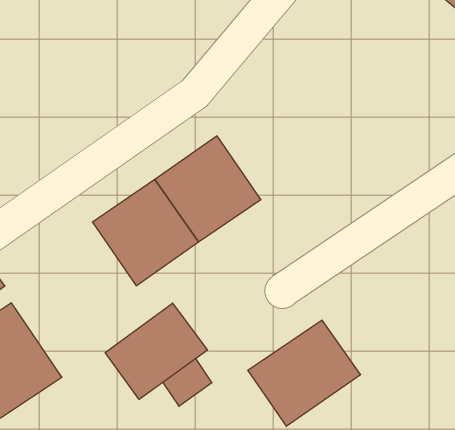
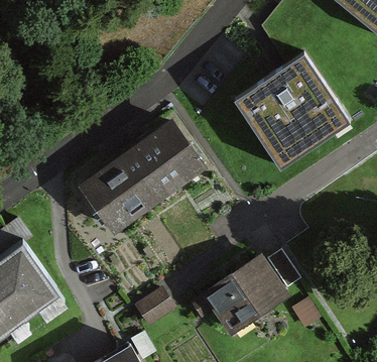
building: none -> [232,52,348,168]
building: [105,303,207,399] -> none

